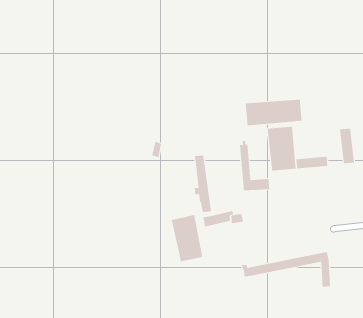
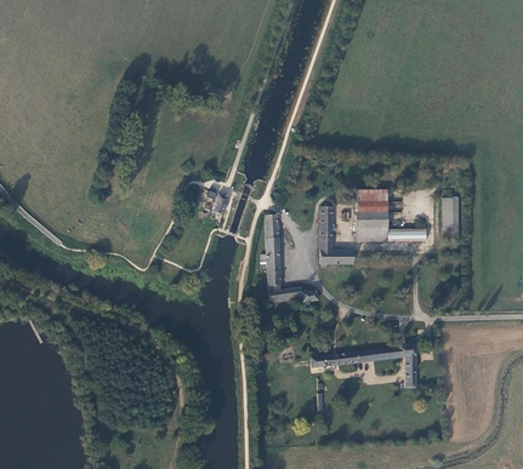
building: [245,99,302,126] -> none
building: [171,214,203,262] -> none

